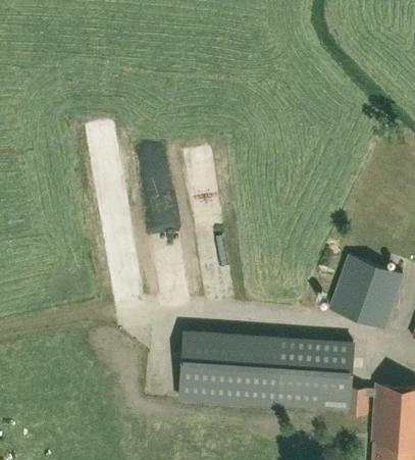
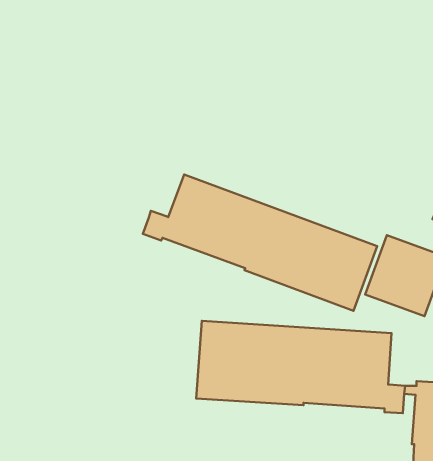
building: none -> [143,174,377,311]

